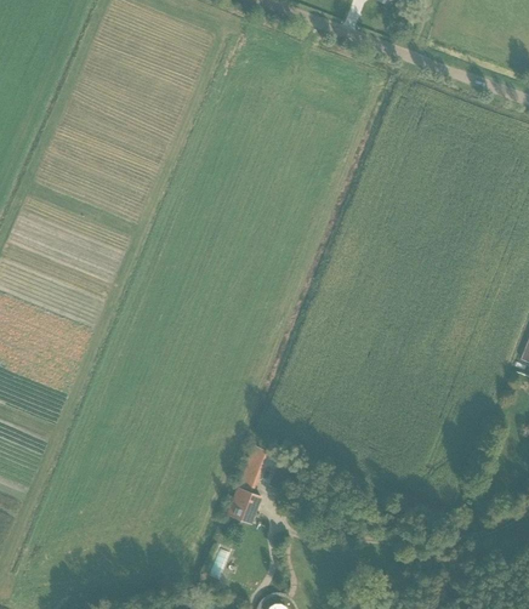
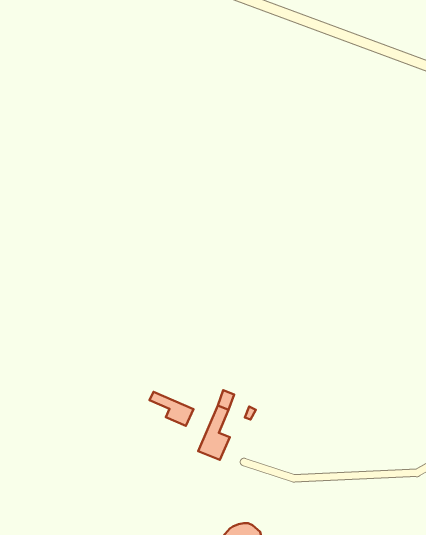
building: none -> [150,392,194,426]

